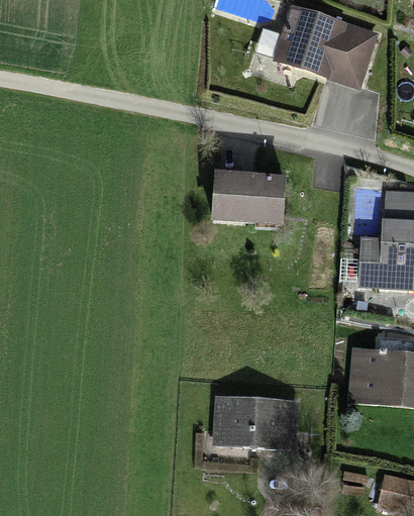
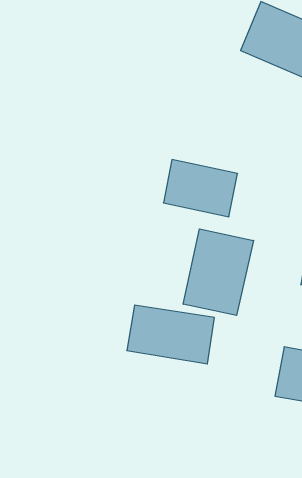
building: none -> [183,229,254,315]
building: [211,397,296,448] -> [127,305,214,364]

